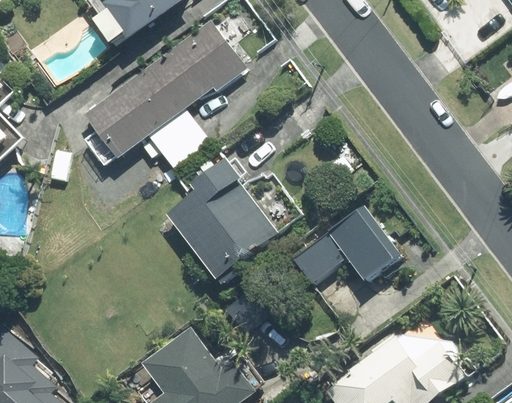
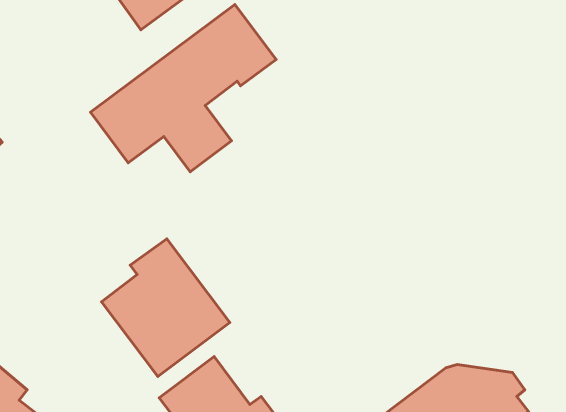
building: [167,160,279,280] -> [102,239,230,376]
building: [293,208,397,282] -> none

